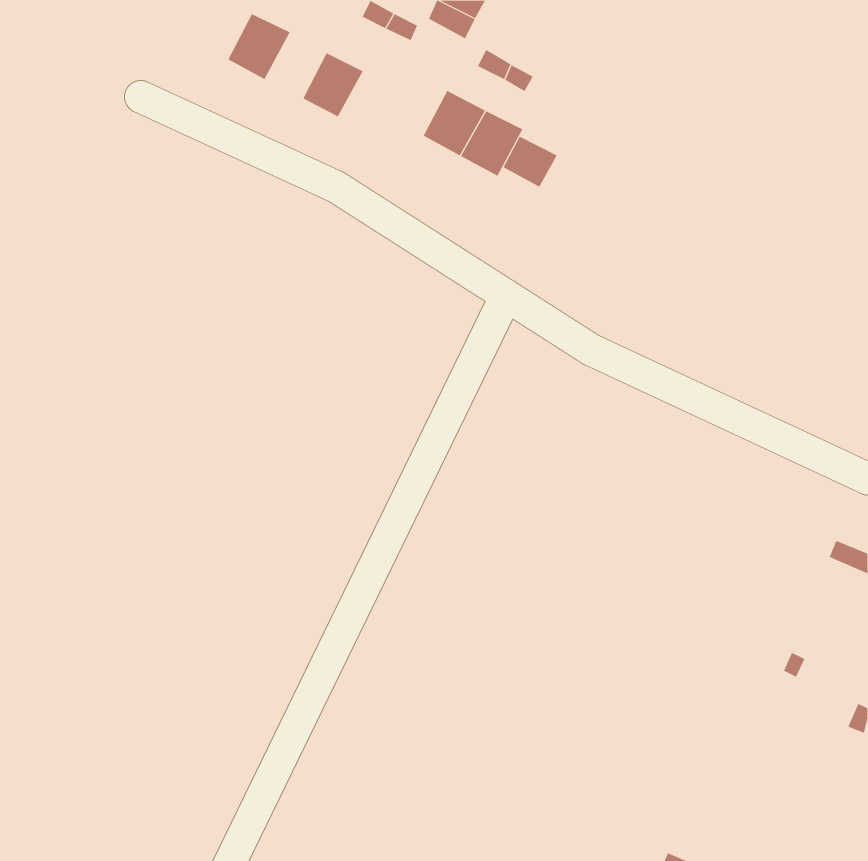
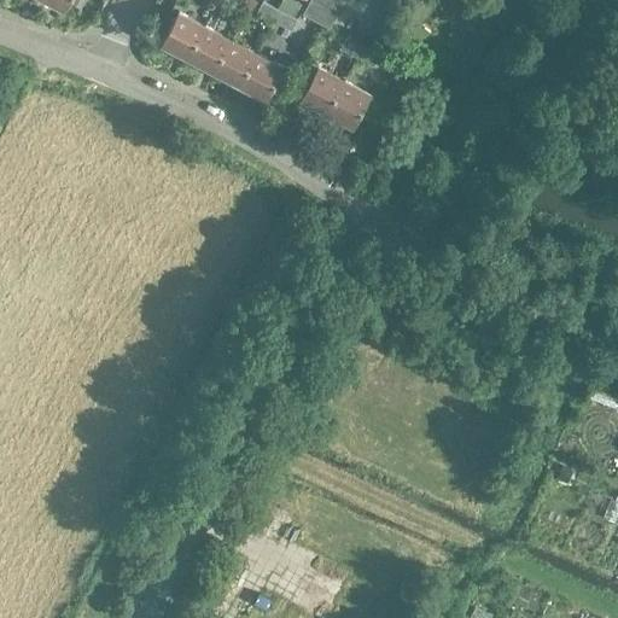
building: none -> [188,28,232,75]
building: none -> [240,56,285,103]
building: [503,136,558,187] -> none

